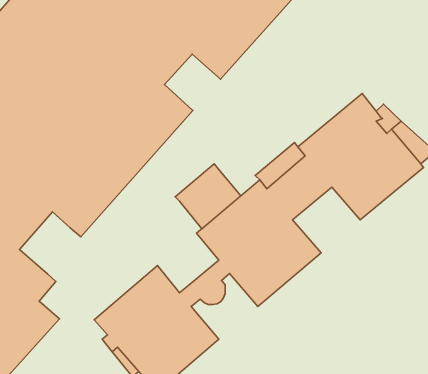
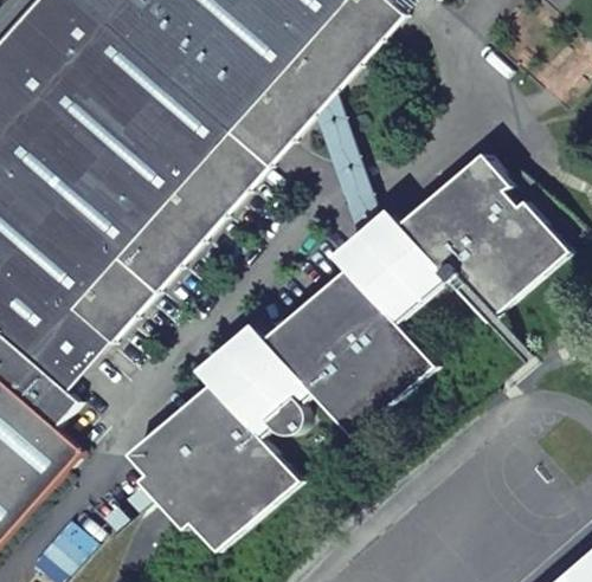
building: none -> [220,99,295,173]
building: [175,164,241,229] -> [205,330,292,416]
building: none -> [27,316,109,392]

